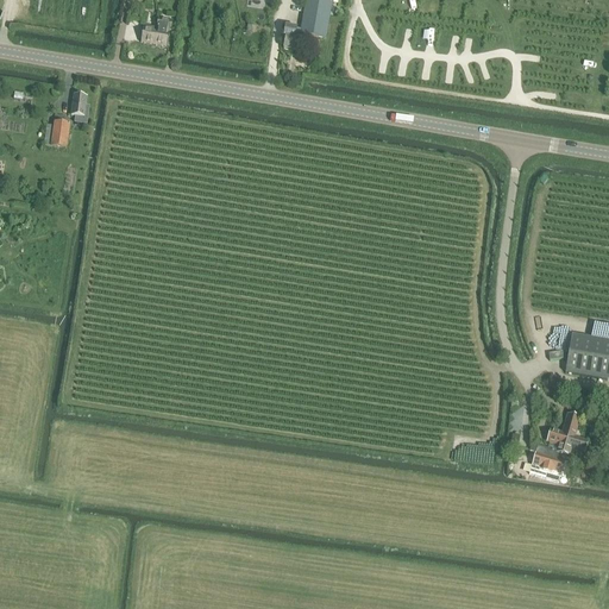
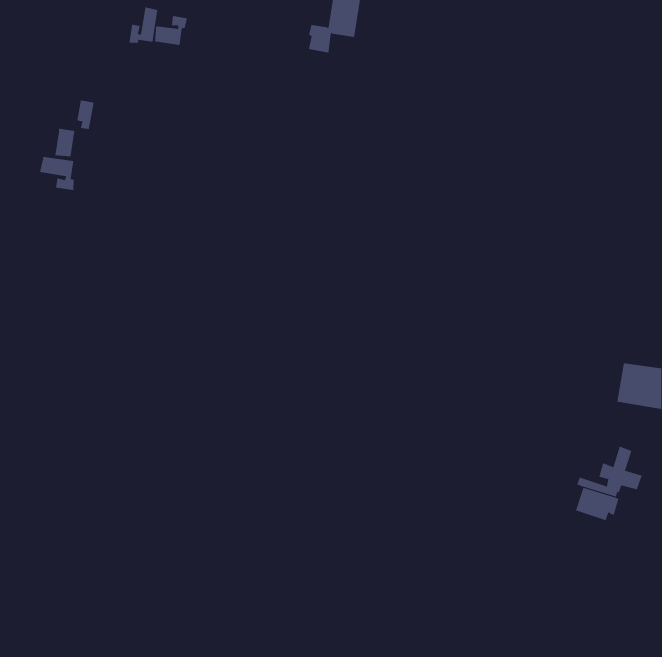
building: none -> [129,6,158,44]
building: none -> [40,156,74,191]

